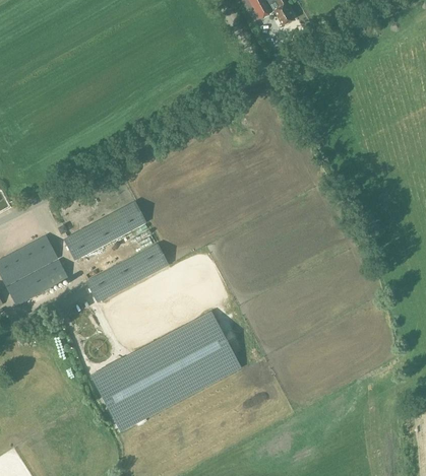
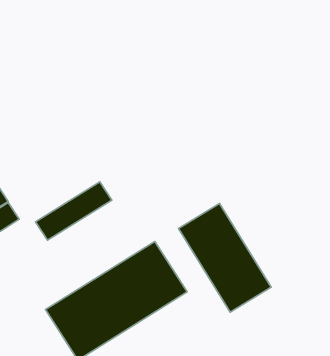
building: [63,201,145,259] -> none
building: none -> [178,204,271,312]

